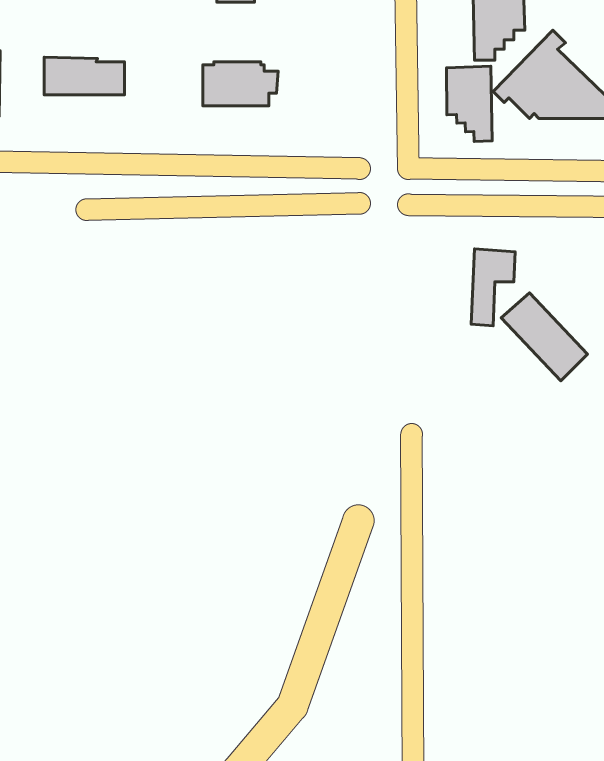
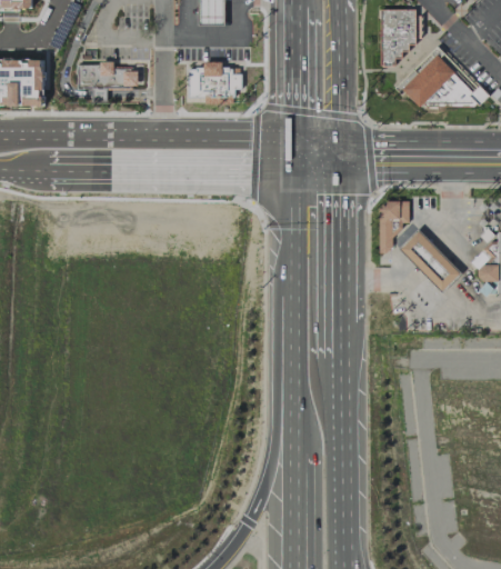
building: [446,66,492,142] -> none

